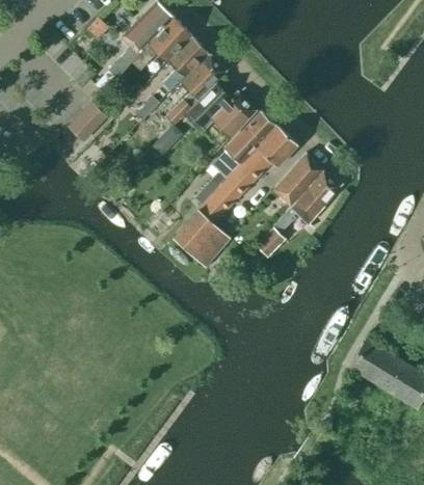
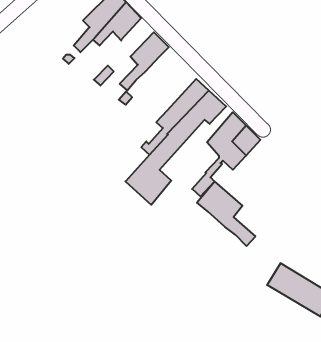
building: [163,35,208,91] -> none
building: [186,83,257,138] -> none
building: [68,102,106,141] -> none
building: none -> [197,182,255,246]

